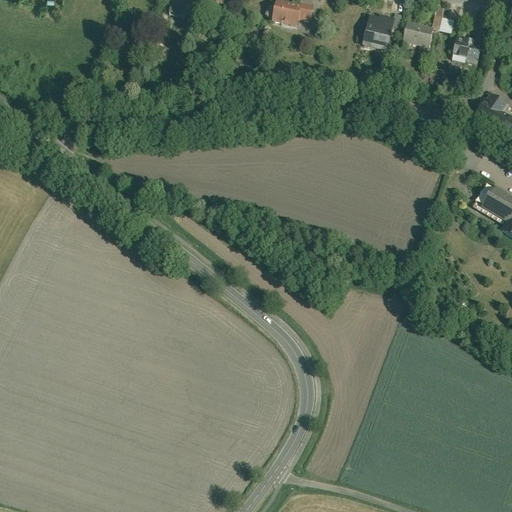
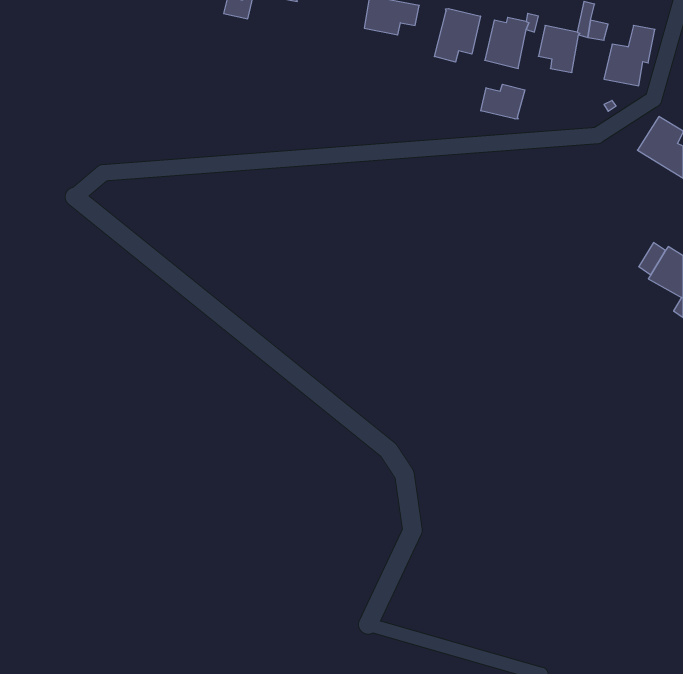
building: none -> [434,9,480,62]
building: none -> [481,84,525,119]

